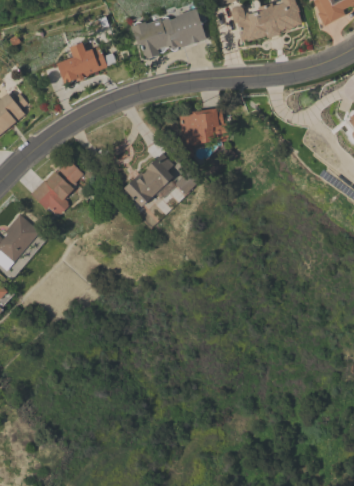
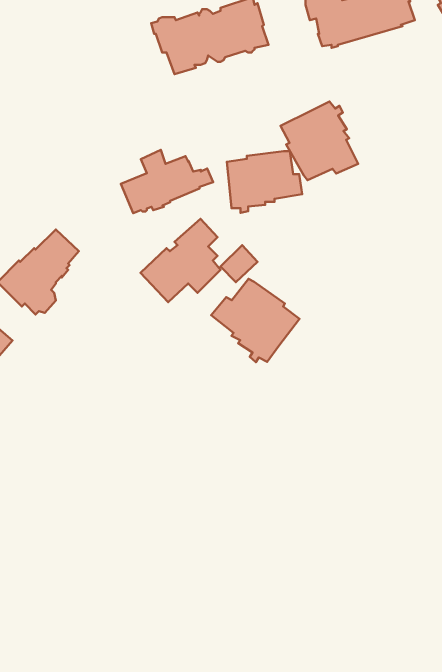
building: [57,42,117,83] -> [121,150,213,213]
building: none -> [280,102,358,180]
building: none -> [211,279,299,362]

